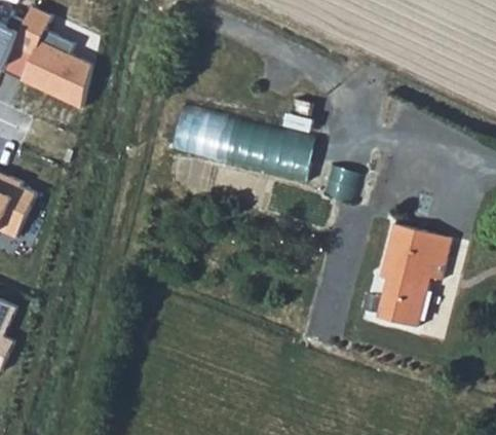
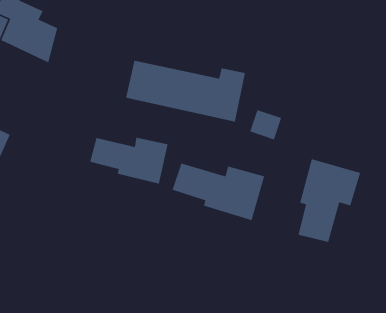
building: none -> [89,137,169,185]
building: none -> [171,162,265,221]

